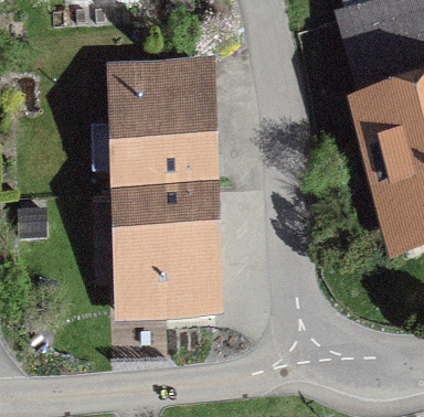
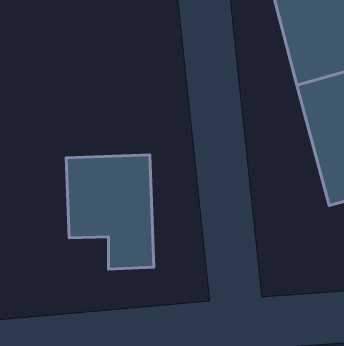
building: [116,65,210,191] -> none

